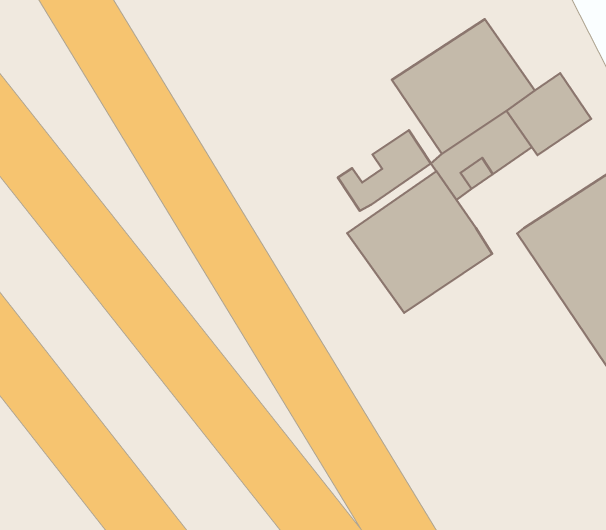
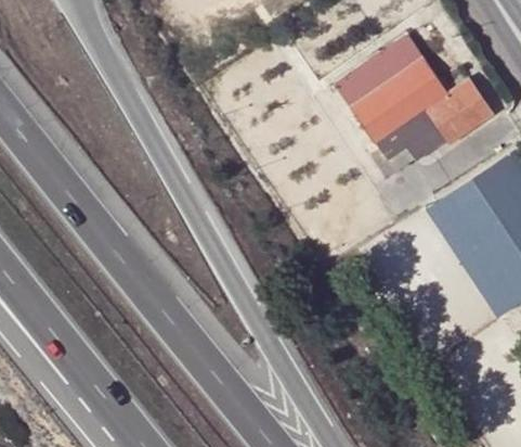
building: [338,130,431,211] -> none
building: [347,171,492,313] -> none

